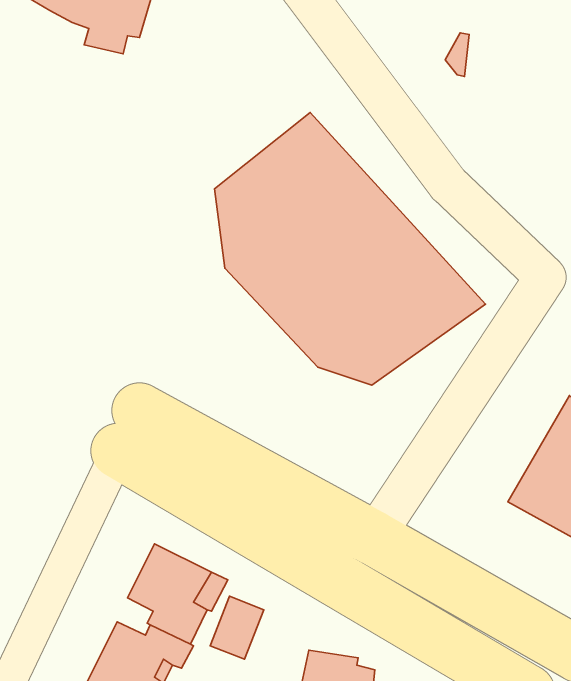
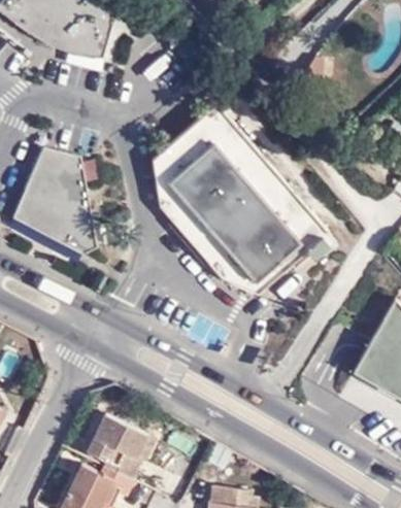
building: none -> [8,146,94,255]

